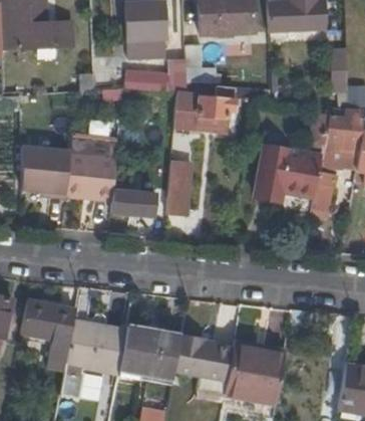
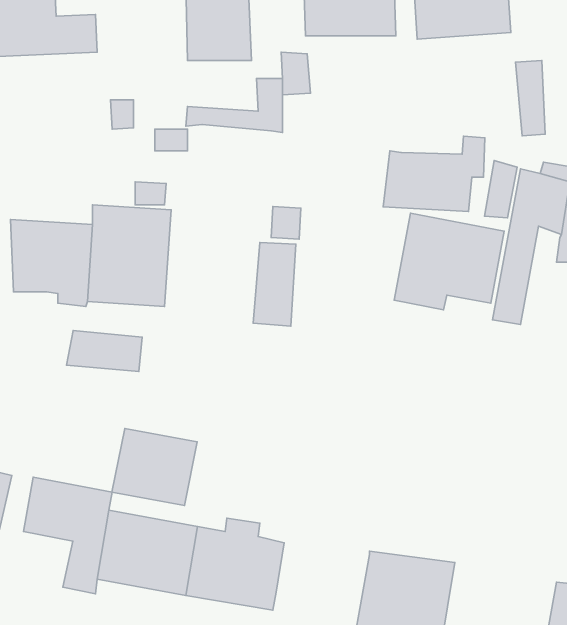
building: [172,81,235,128] -> [383,136,485,212]
building: [110,189,156,214] -> [67,331,142,372]
building: none -> [112,428,197,505]
building: [179,335,237,383] -> none

